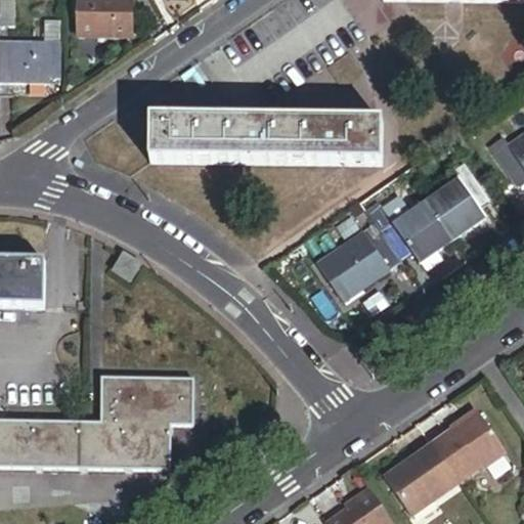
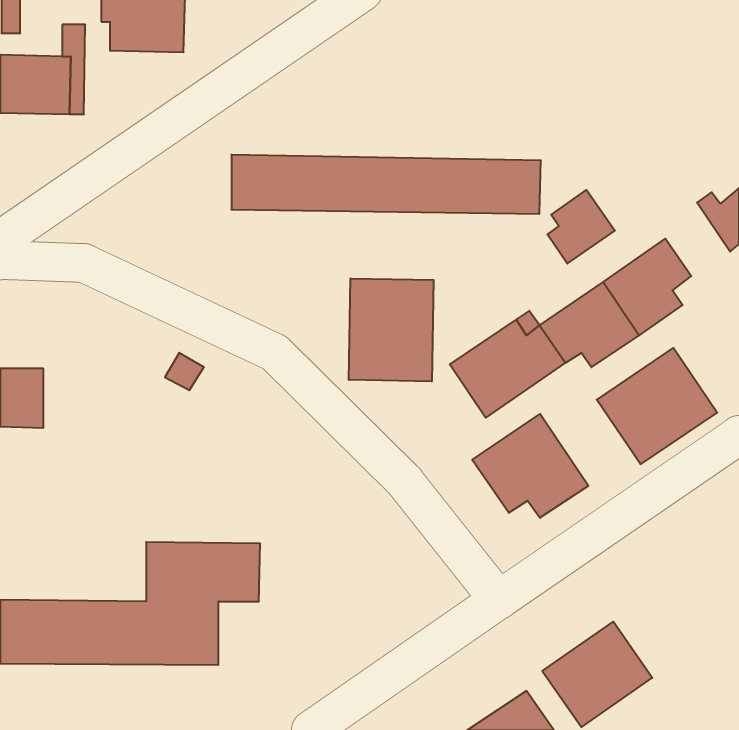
building: none -> [547,190,615,264]
building: none -> [349,278,434,381]
building: none -> [597,348,717,464]
building: none -> [472,414,588,518]
building: [434,409,506,480] -> none

